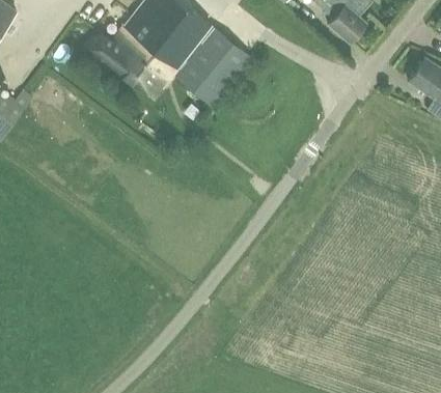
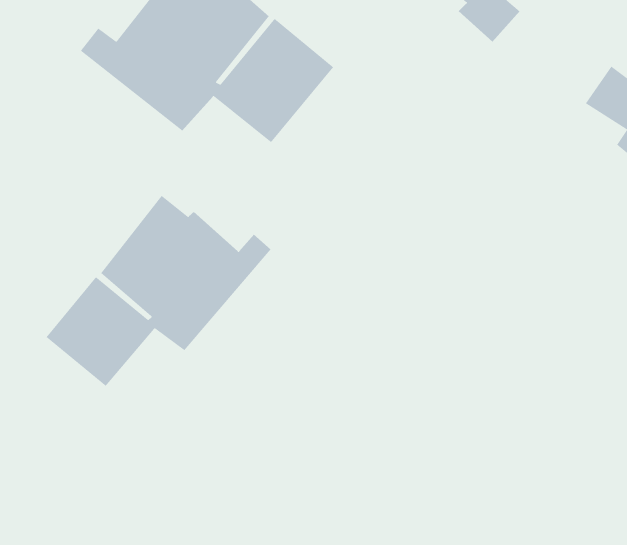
building: none -> [46,195,271,387]

